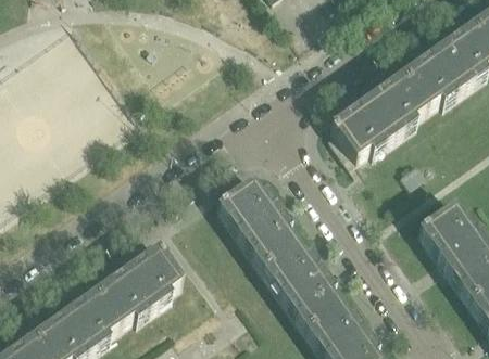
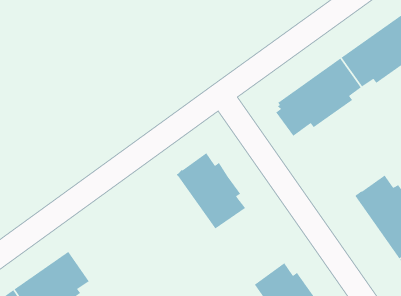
building: [259,241,337,326] -> none
building: [93,243,180,323] -> none

